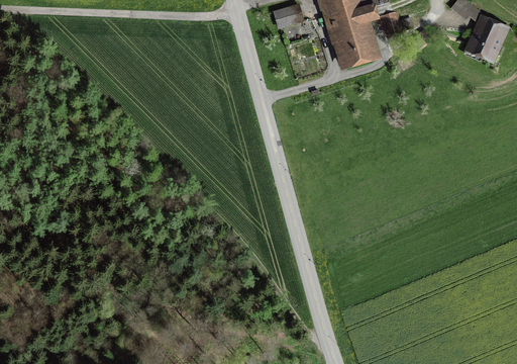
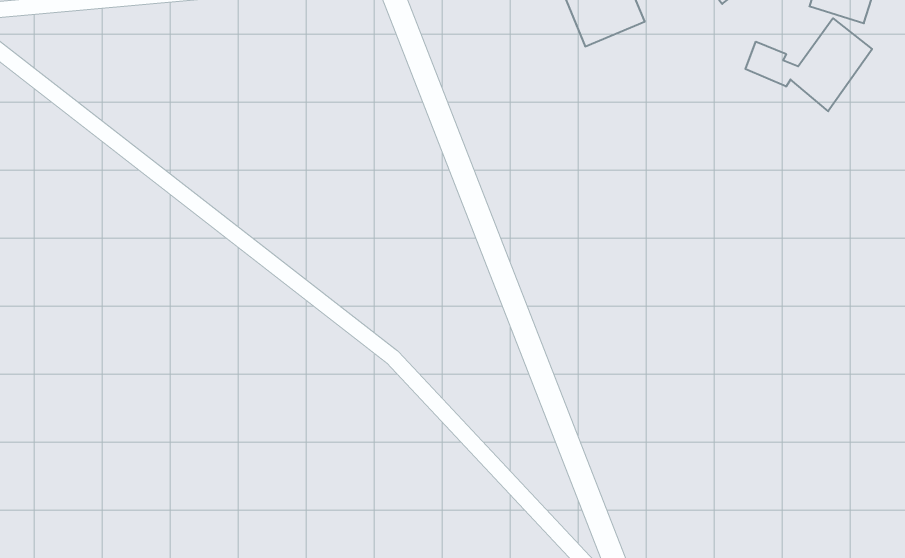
building: none -> [745,18,872,111]

